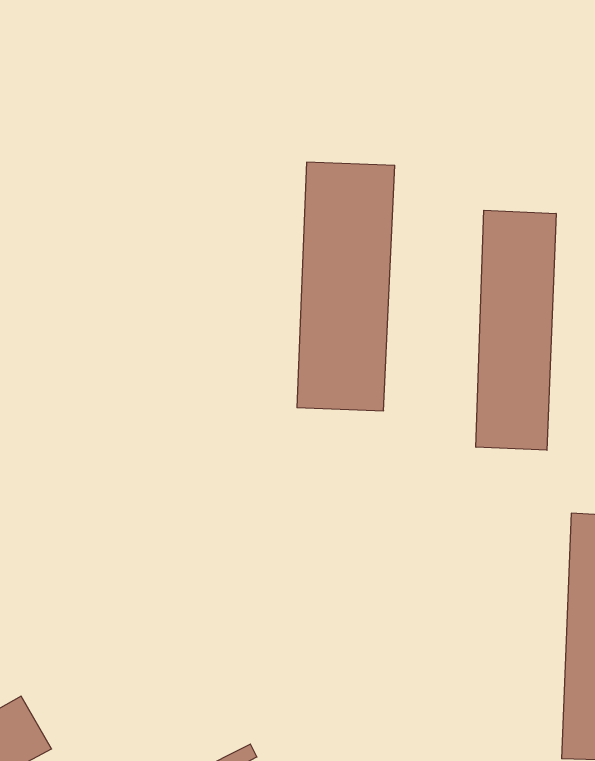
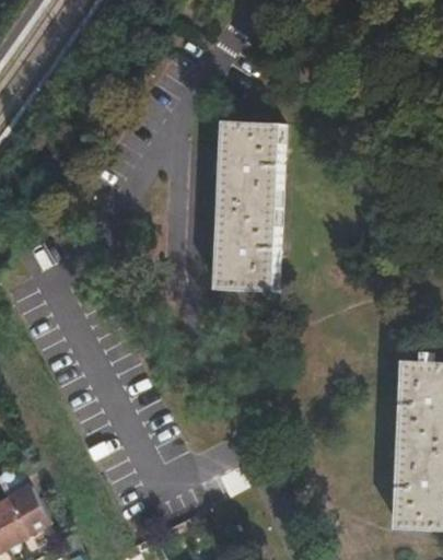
building: [476,210,556,450] -> none

